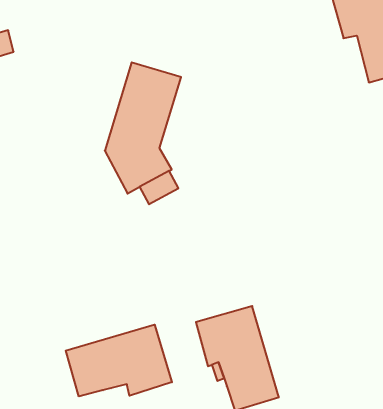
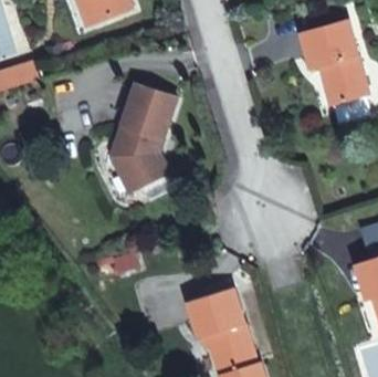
building: [66,325,172,396] -> none

